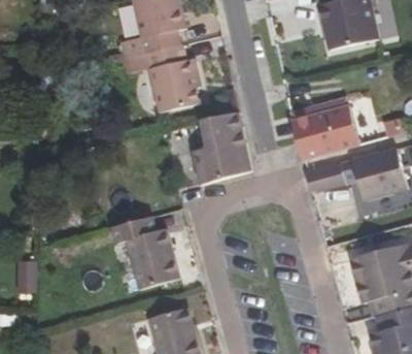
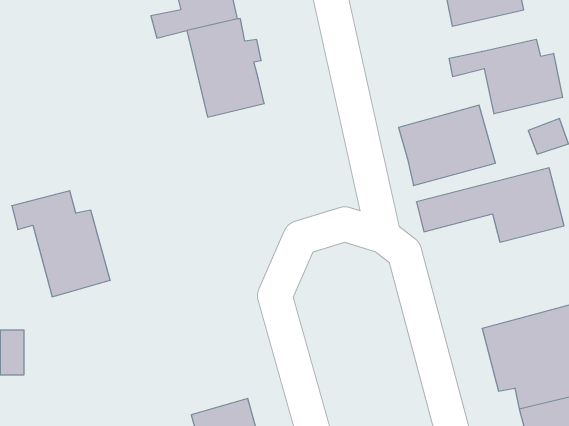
building: none -> [449,39,563,114]
building: [192,111,249,183] -> none
building: [111,215,179,288] -> [12,191,110,297]

